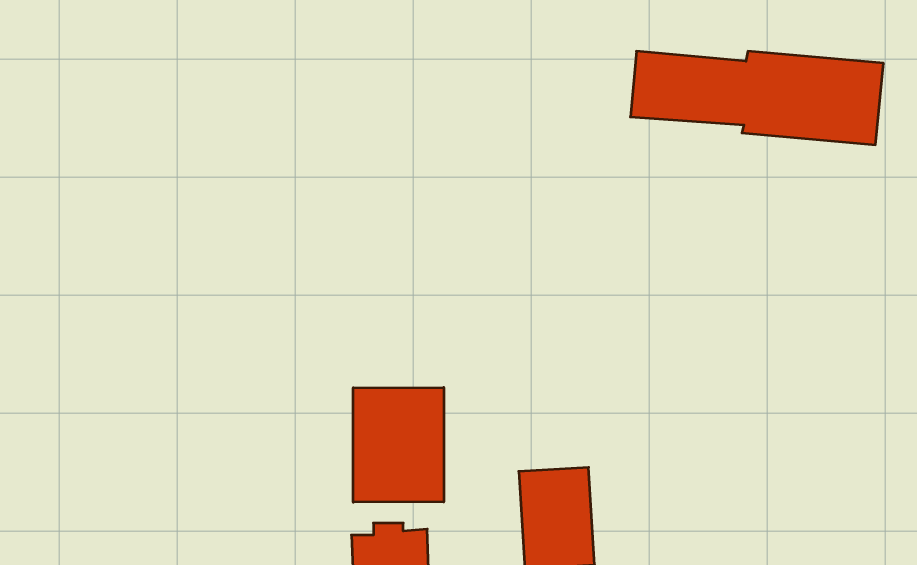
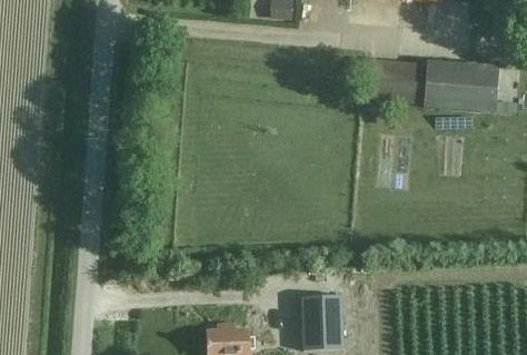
building: [353,387,444,502] -> none

